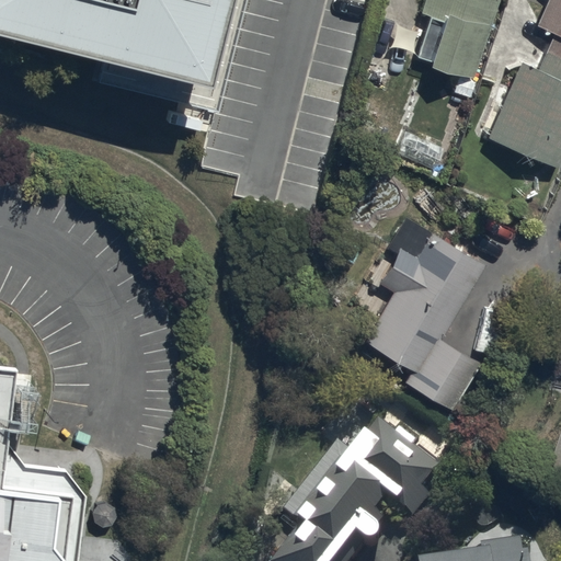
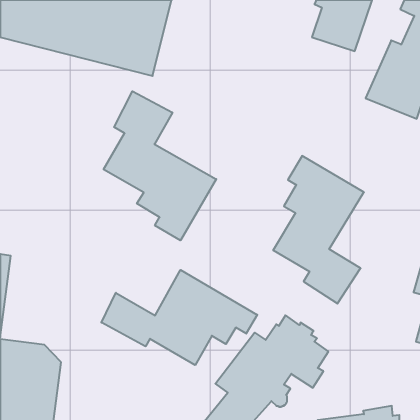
building: none -> [104,91,216,240]
building: none -> [101,270,257,365]

